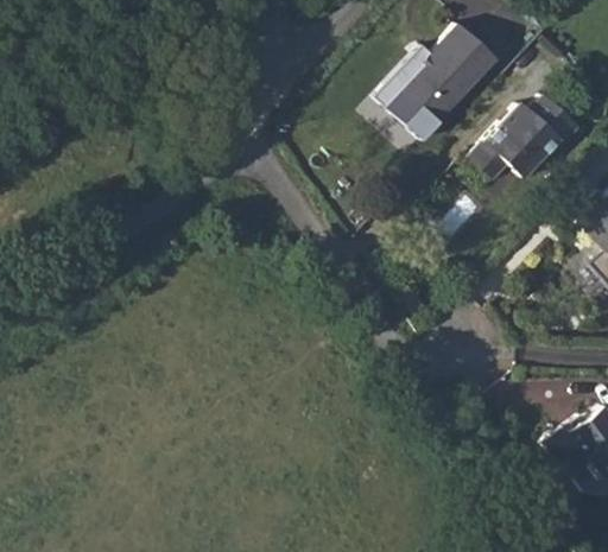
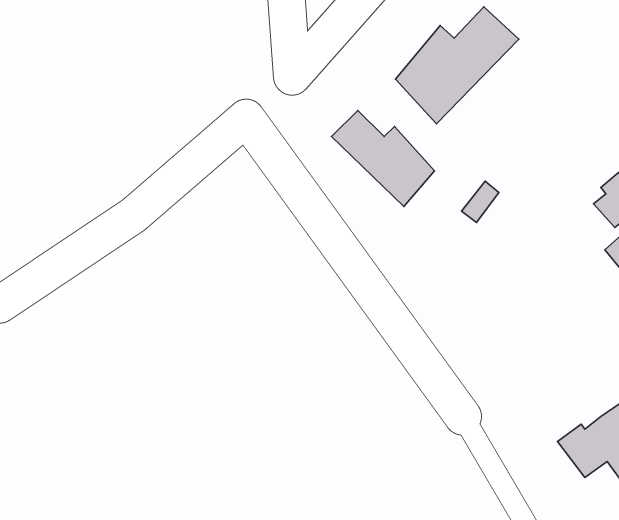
building: [468,95,577,182] -> none
building: none -> [332,111,434,207]

